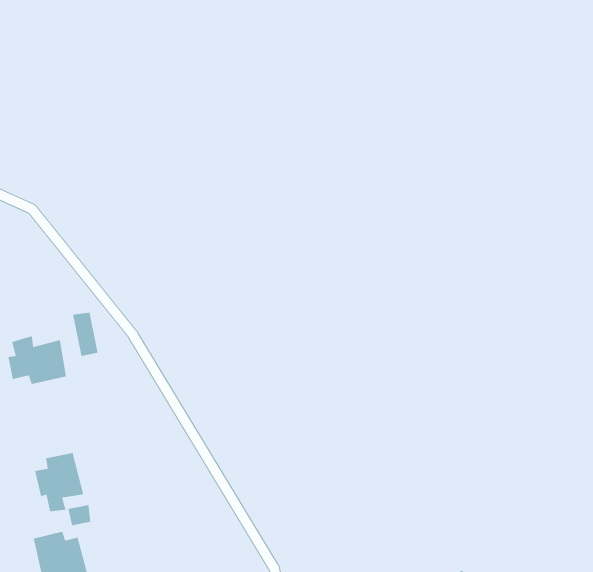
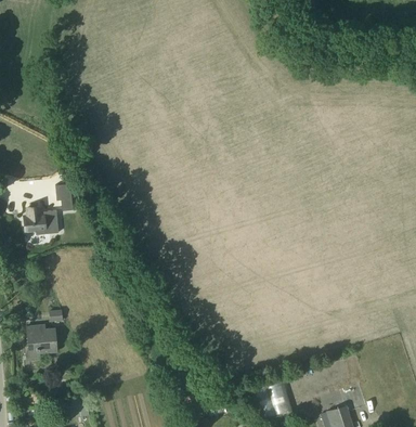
building: [34,452,84,512] -> none

